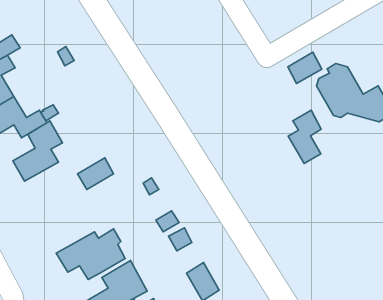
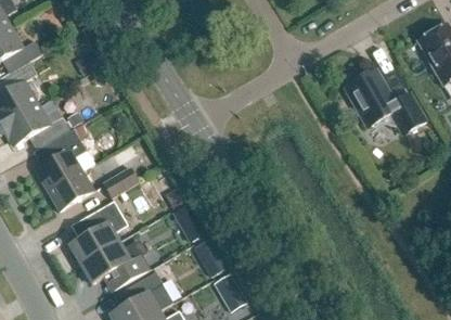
building: [288,52,322,84] -> none
building: [288,110,321,163] -> none
building: none -> [47,169,93,210]
building: none -> [68,200,127,263]

